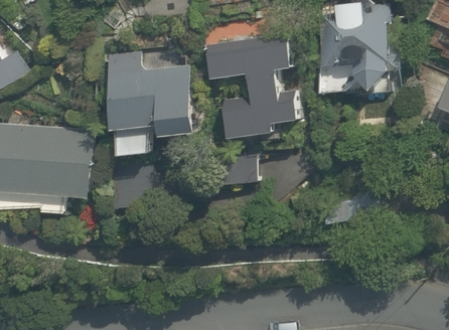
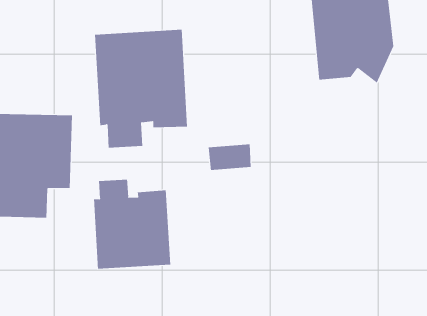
building: [201,39,297,146] -> none
building: none -> [93,179,171,269]

